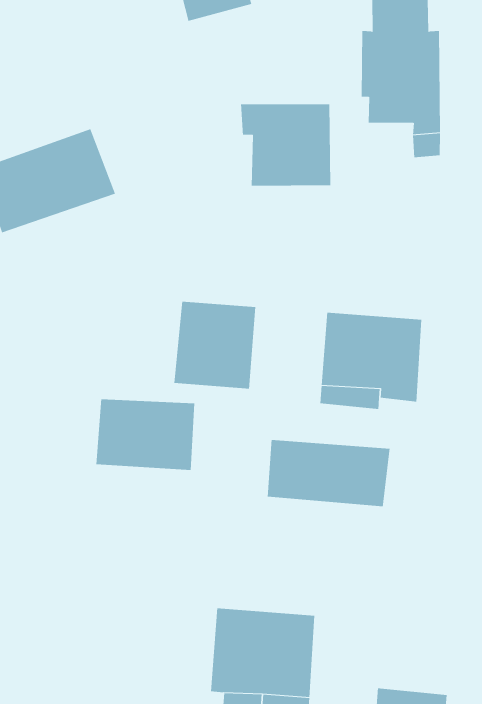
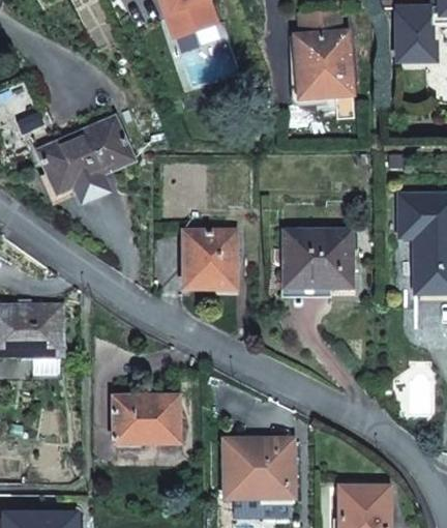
building: [241,103,331,187] -> none
building: [96,399,195,470] -> [113,394,179,442]
building: [267,439,390,507] -> none

